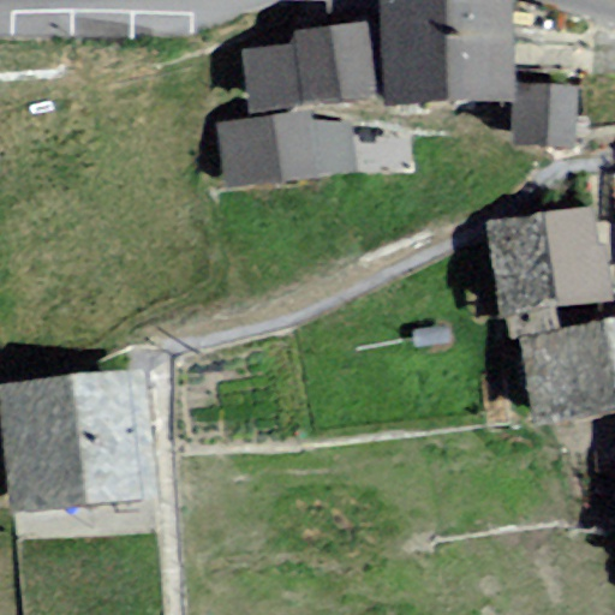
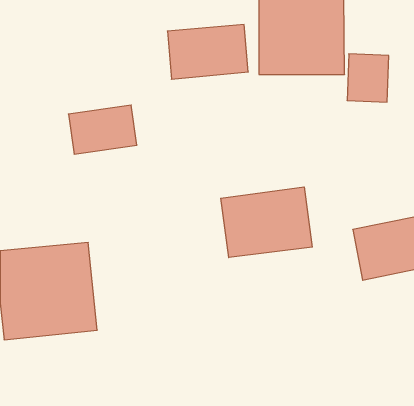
building: [217,114,318,186] -> [68,105,137,154]
building: [489,208,608,320] -> none
building: none -> [221,187,312,258]

